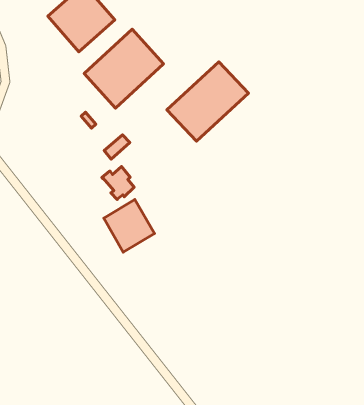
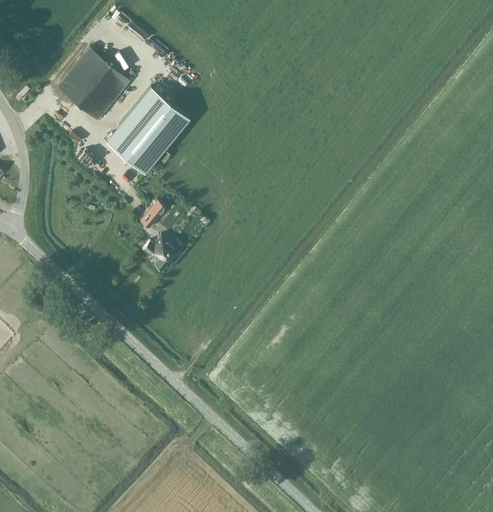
building: [167,62,249,141] -> none
building: [104,200,155,252] -> none

